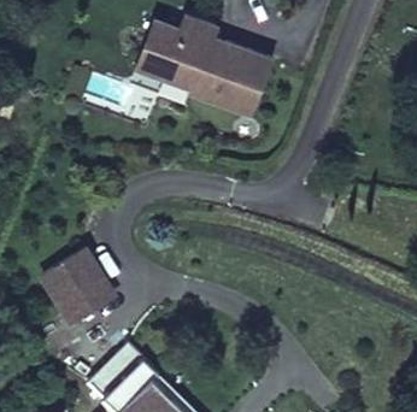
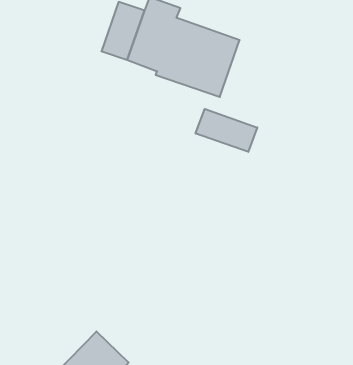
building: none -> [196,109,257,152]
building: [45,248,114,320] -> none

